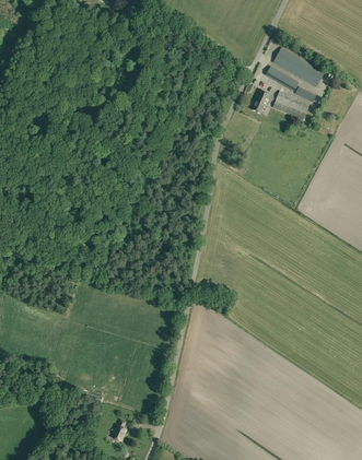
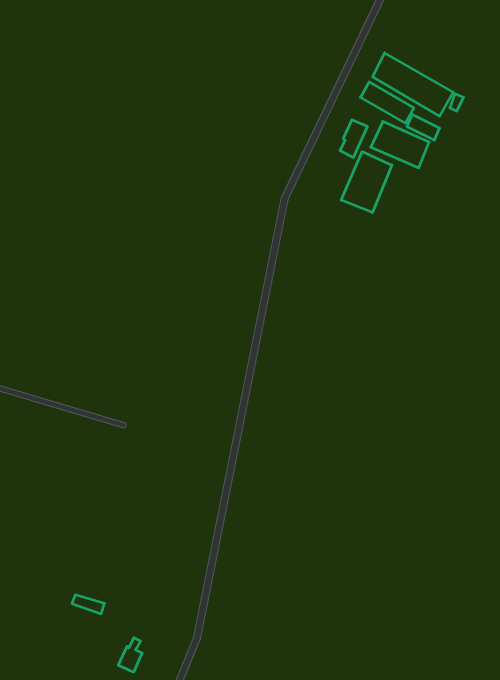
building: none -> [341,152,392,213]

